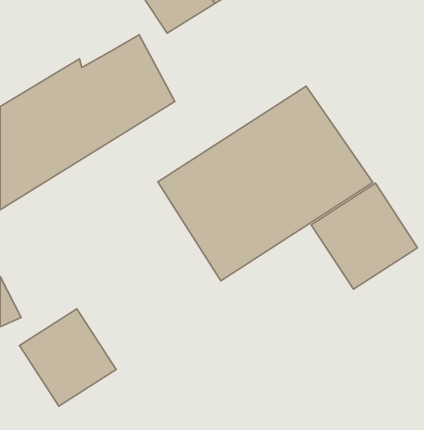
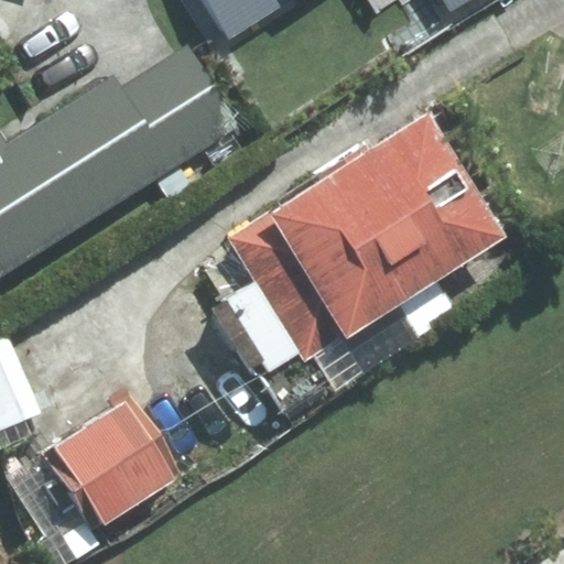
building: [311,183,418,289] -> none

